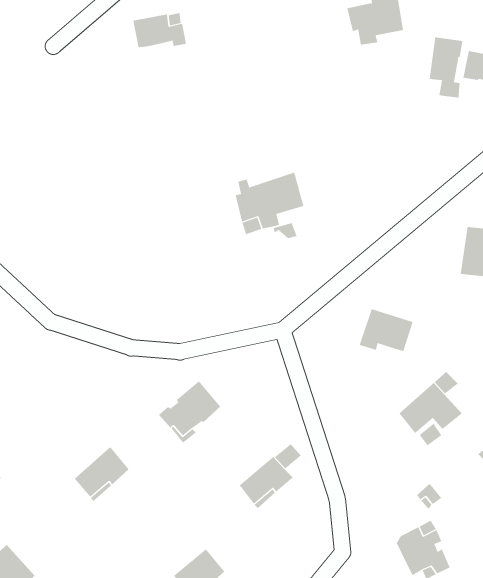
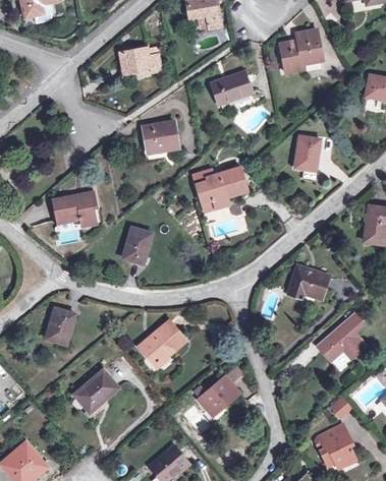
building: [429,37,463,98] -> [294,135,320,181]
building: none -> [212,71,251,103]
building: none -> [143,120,178,152]
building: none -> [53,193,95,226]
building: none -> [121,226,150,263]
building: none -> [46,307,74,344]

